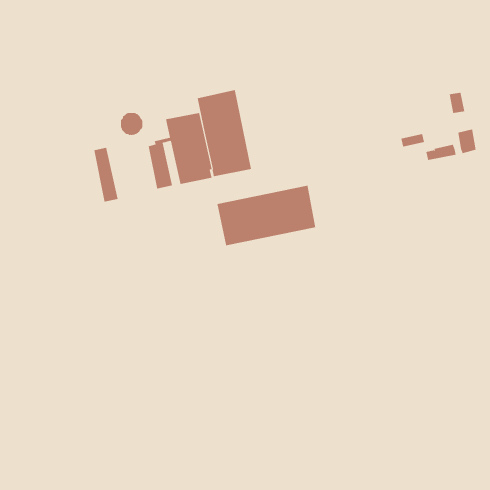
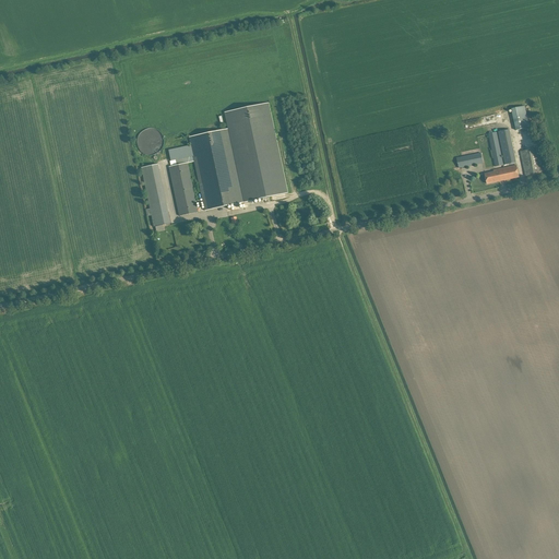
building: none -> [488,129,514,166]
building: [93,147,118,202] -> [141,164,169,226]
building: [217,185,316,246] -> none

